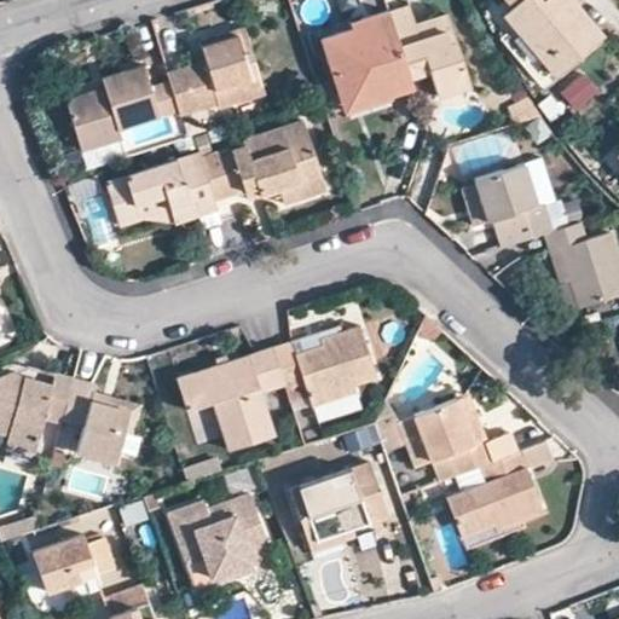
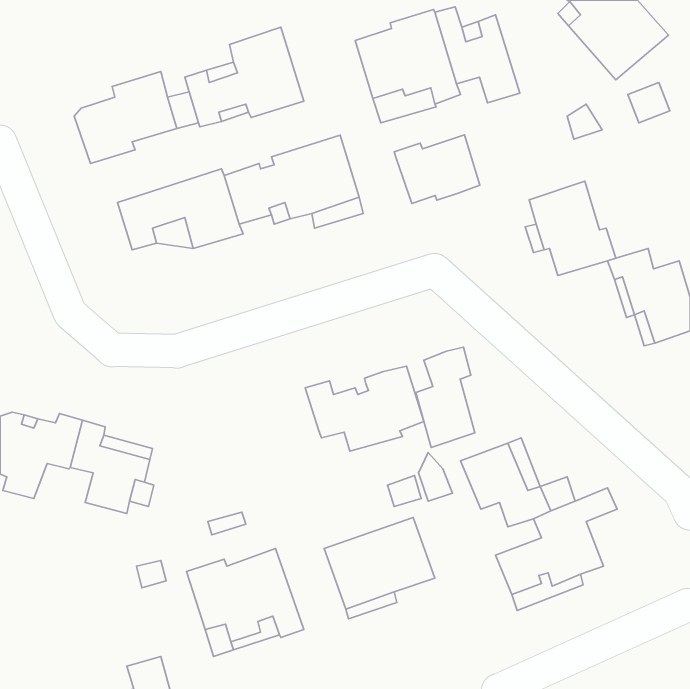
building: none -> [394,135,480,203]
building: none -> [416,347,475,447]
building: [179,348,285,450] -> none
building: [34,536,114,592] -> none

